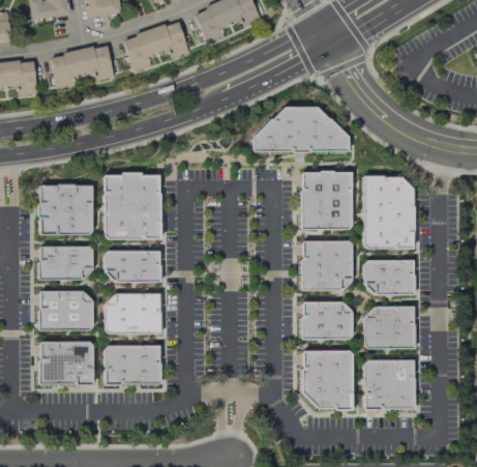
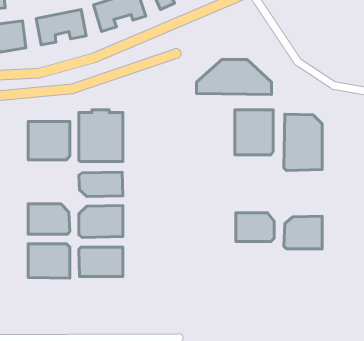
building: [302,241,352,289] -> none
building: [38,246,93,280] -> none
building: [363,261,413,295] -> none
building: [302,350,353,410] -> none
building: [364,360,415,409] -> none

